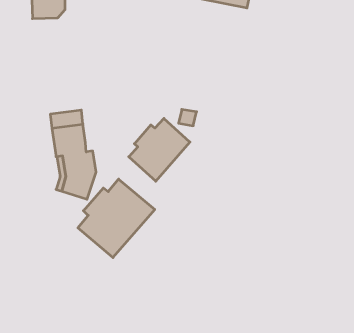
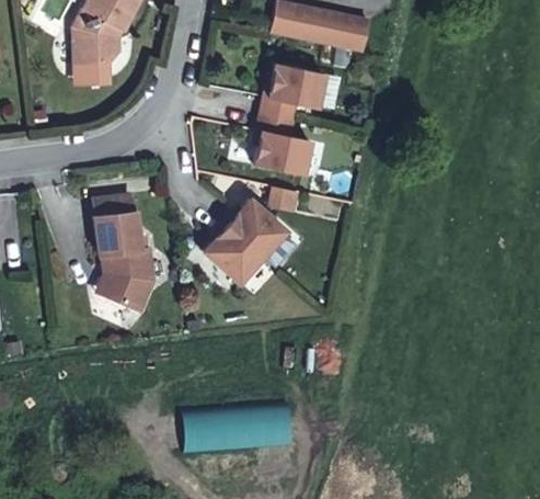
building: none -> [254,64,324,175]
building: [78,179,155,258] -> none

